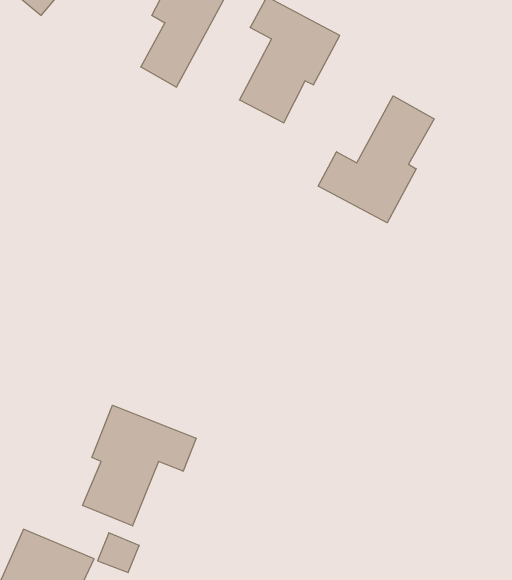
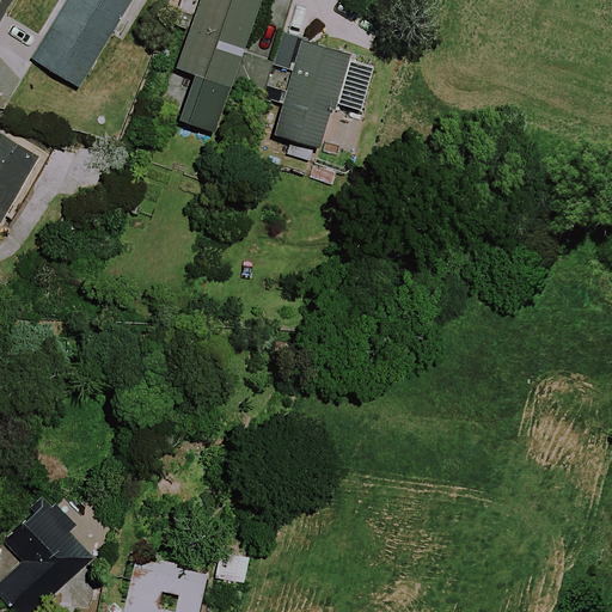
building: [318,96,434,223] -> none
building: [83,405,196,526] -> none

